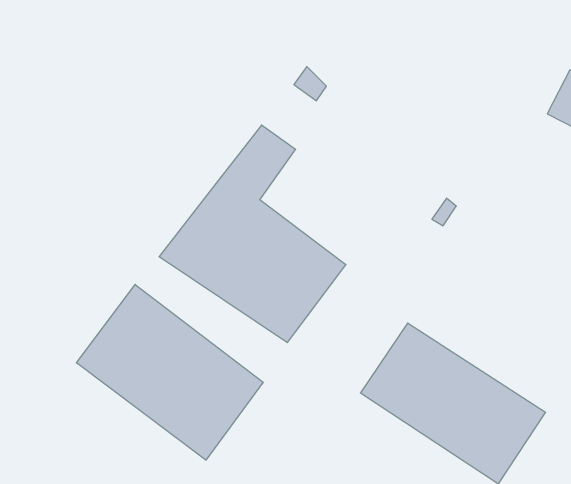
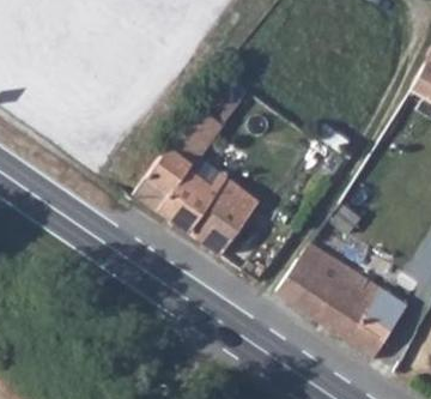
building: [76,284,263,460] -> none

